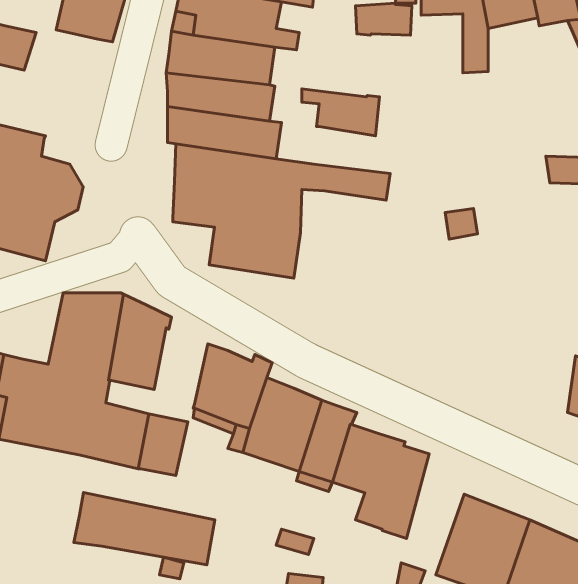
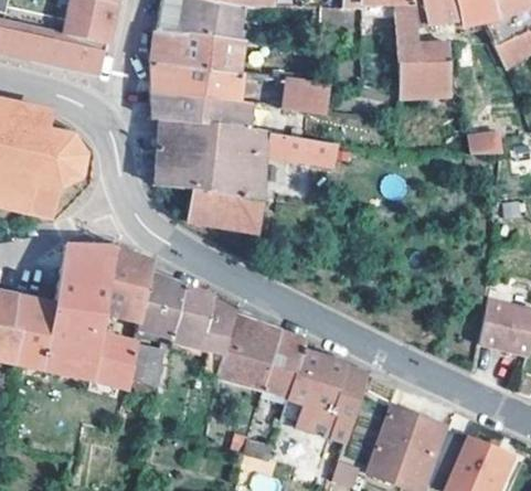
building: none -> [34,26,107,74]
building: none -> [395,42,449,98]
building: none -> [242,103,277,137]
building: none -> [140,271,185,334]
building: [74,493,215,565] -> none

